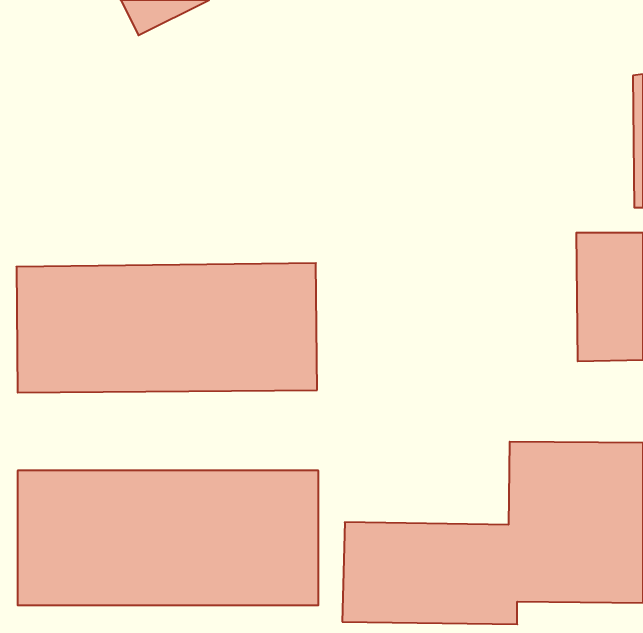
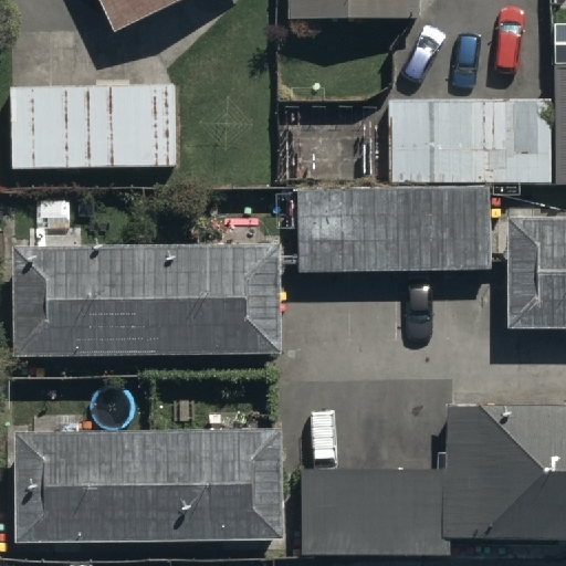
building: none -> [14,90,178,175]
building: none -> [392,109,554,192]
building: none -> [294,198,491,287]

